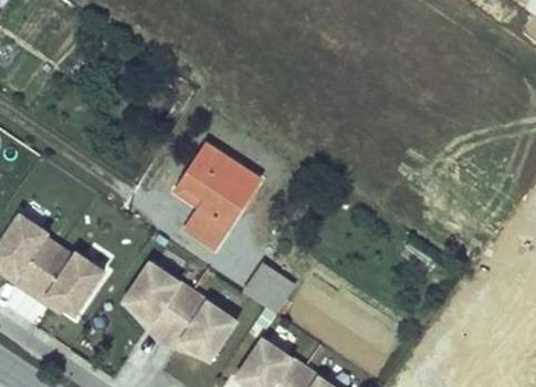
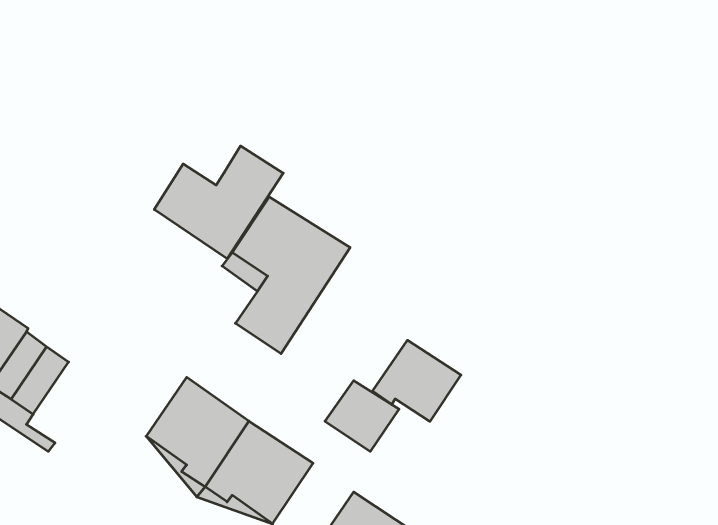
building: none -> [154,146,283,259]
building: none -> [373,340,461,421]
building: [46,251,103,313] -> none

